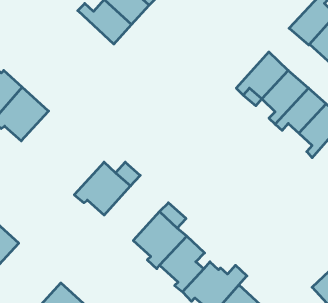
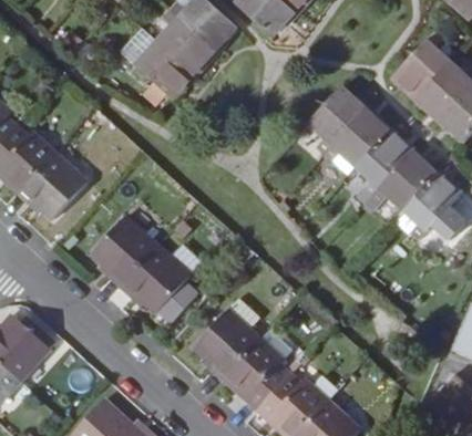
building: none -> [309,86,366,154]
building: none -> [92,216,158,288]

